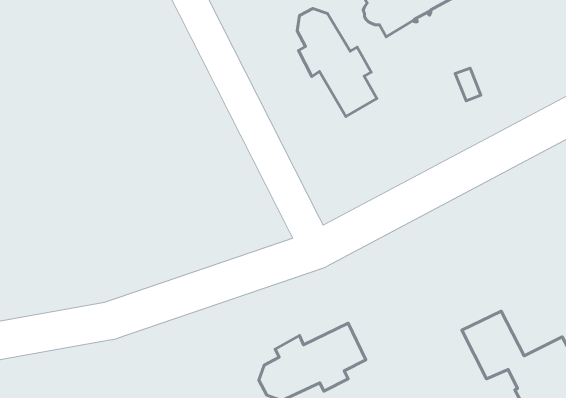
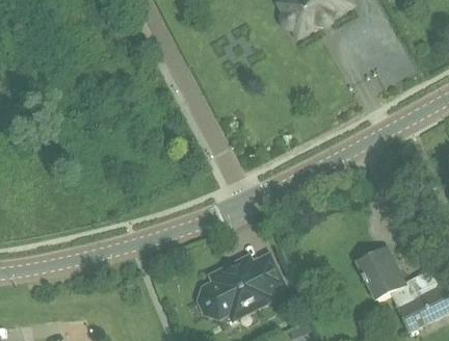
building: [297,9,377,117] -> none

